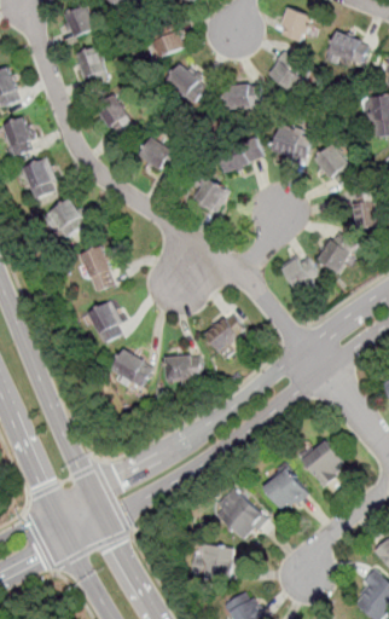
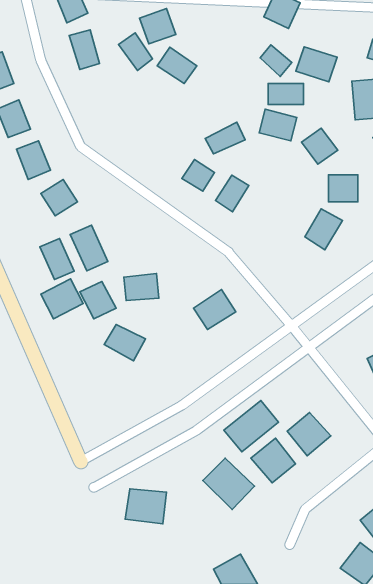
building: [326,29,368,65] -> [296,47,337,82]
building: [223,86,260,108] -> [268,83,303,105]
building: [98,99,133,138] -> [119,33,153,70]
building: [138,138,176,173] -> none
building: none -> [216,175,249,212]
building: [284,253,319,291] -> none
building: none -> [40,238,74,280]
building: none -> [41,279,83,319]
building: [163,353,199,381] -> [124,274,159,300]
building: none -> [224,400,279,452]
building: [191,545,233,582] -> [125,489,166,524]

